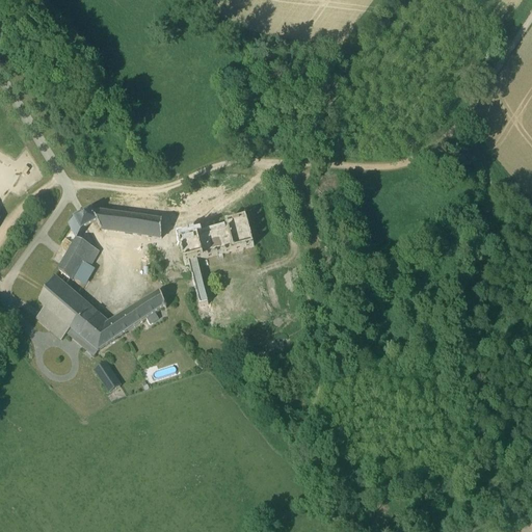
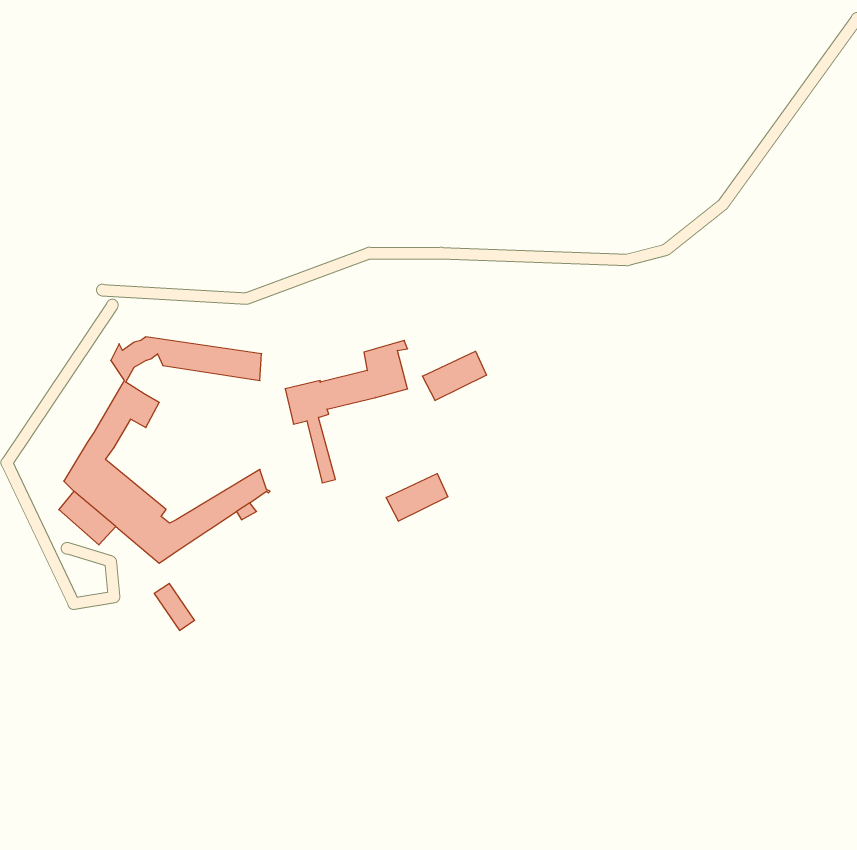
building: none -> [422,351,486,401]
building: none -> [386,474,448,521]

